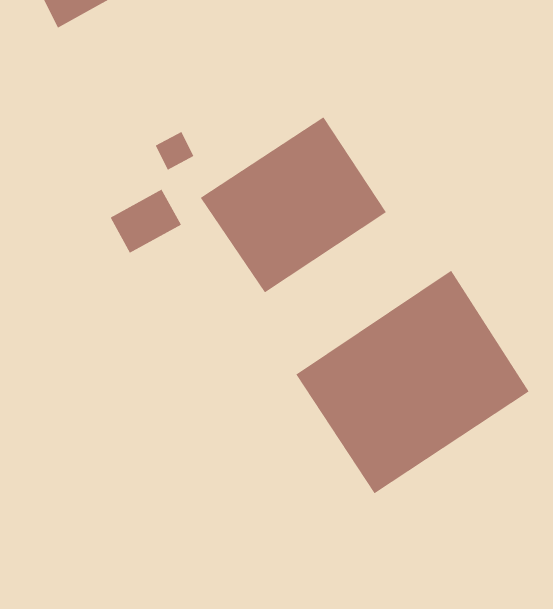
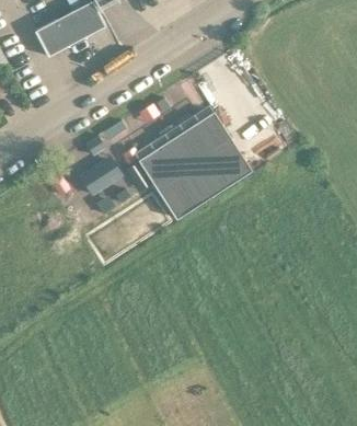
building: [295,270,529,494] -> none

